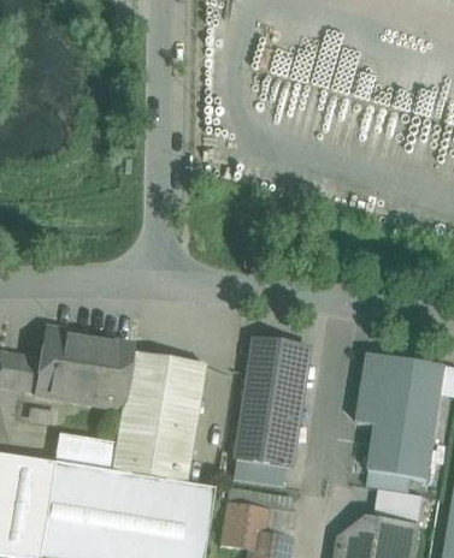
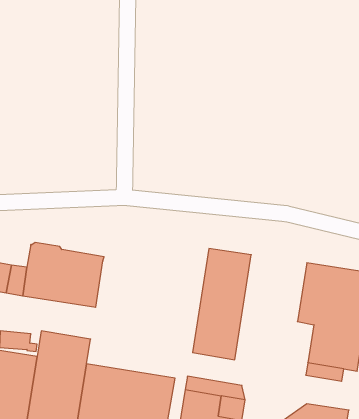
building: [111,350,205,482] -> none
building: [232,457,284,485] -> none
building: [368,486,423,524] -> none

